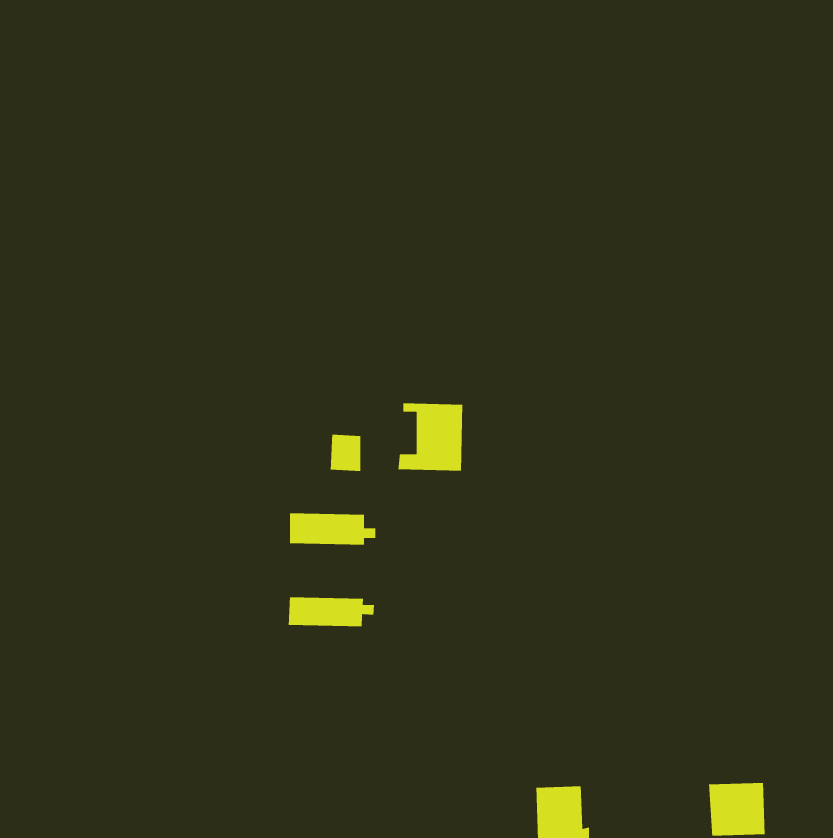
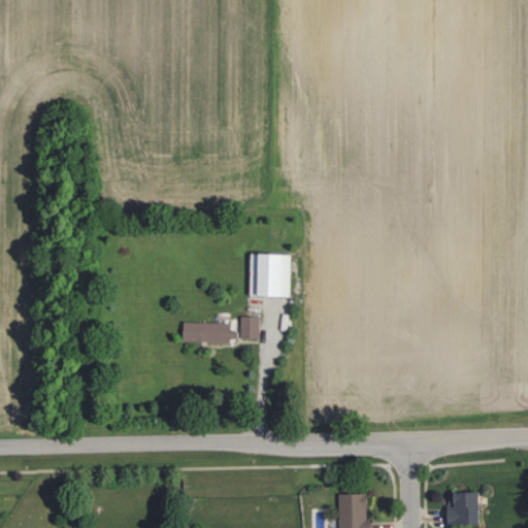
building: [330,434,361,472] -> [238,317,258,340]
building: [288,596,375,627] -> none

